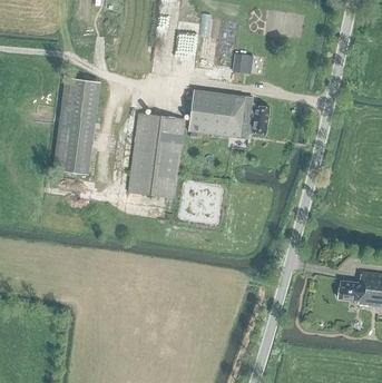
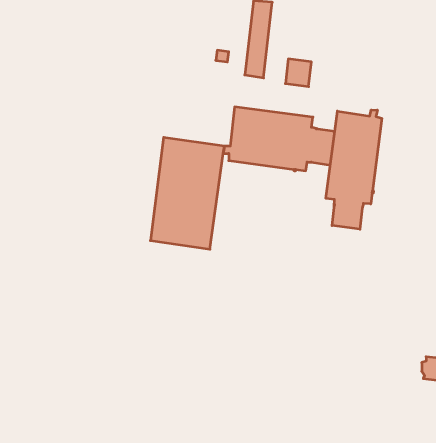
building: [52,80,98,175] -> none
building: none -> [326,110,382,229]

